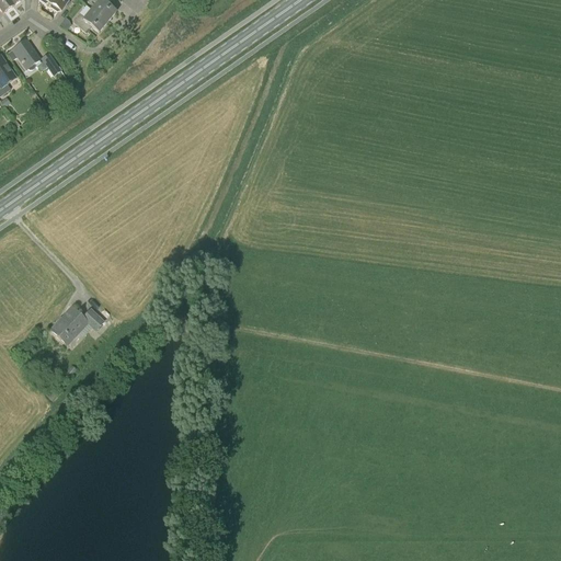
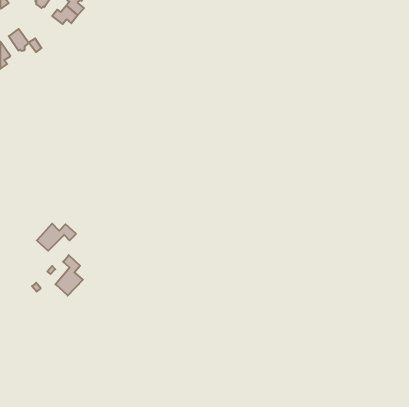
building: none -> [55,255,83,296]

